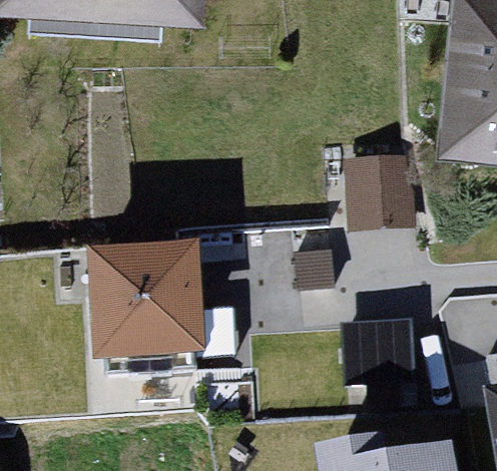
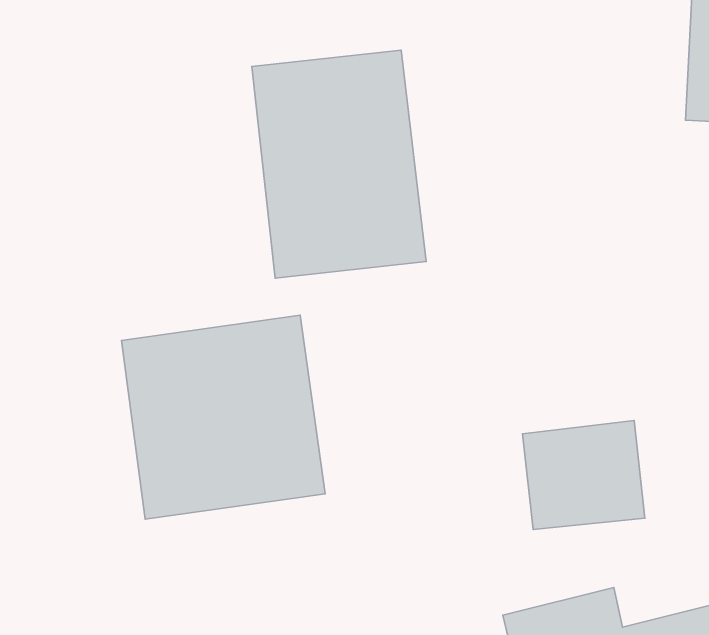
building: none -> [252,50,426,278]
building: [339,152,403,234] -> none

